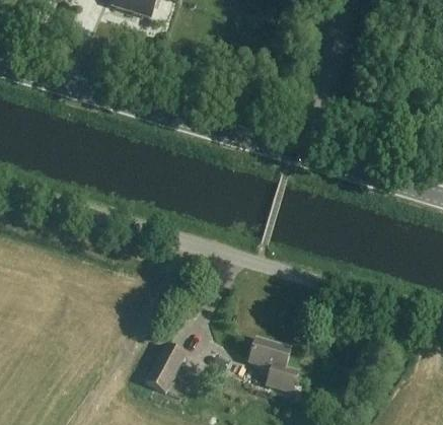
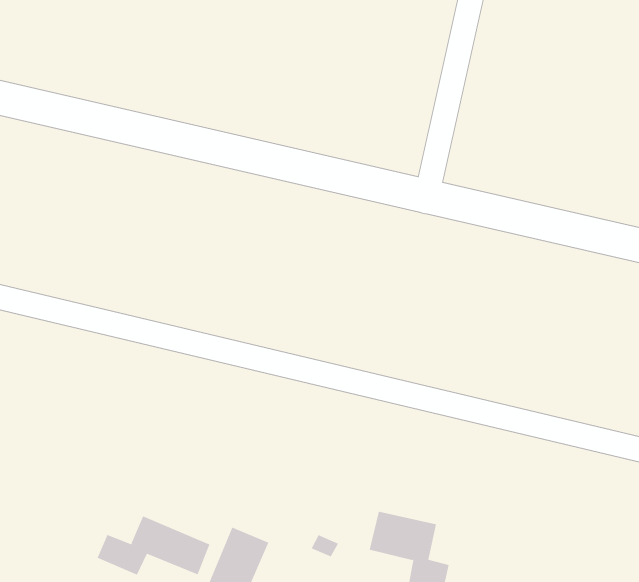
building: none -> [97,515,210,575]

